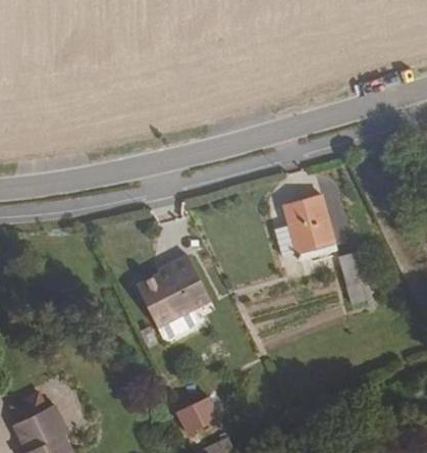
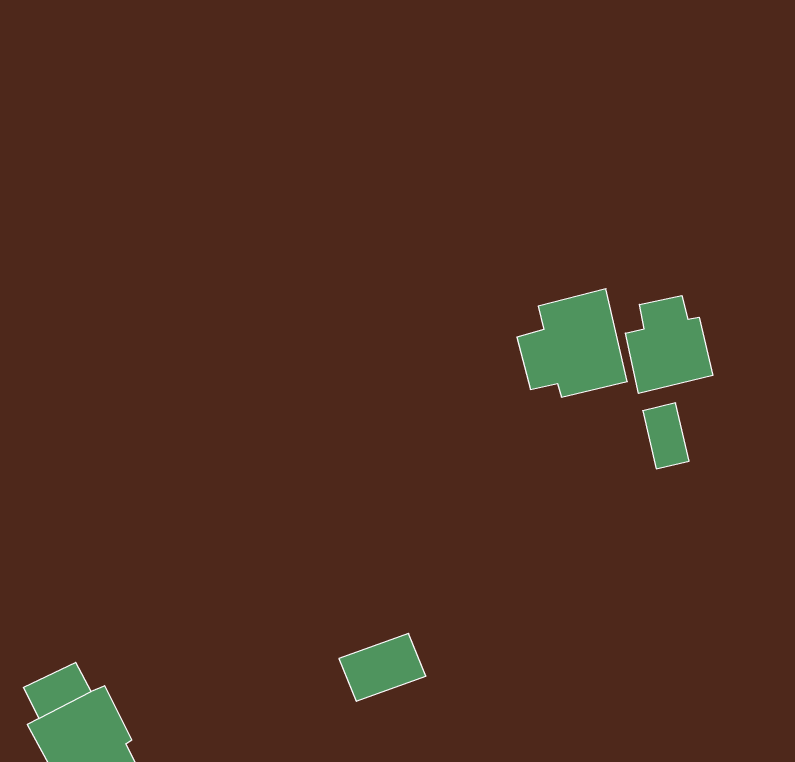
building: none -> [625,296,713,393]
building: [137,256,211,329] -> none

